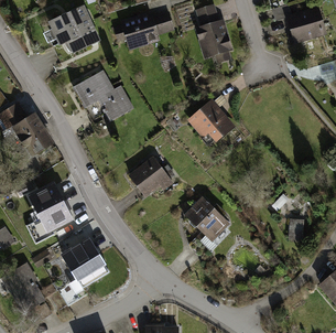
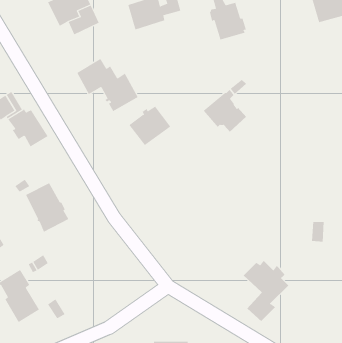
building: [130,159,169,195] -> [129,106,171,146]
building: [186,201,228,257] -> [243,260,289,322]
building: [63,243,102,282] -> none

